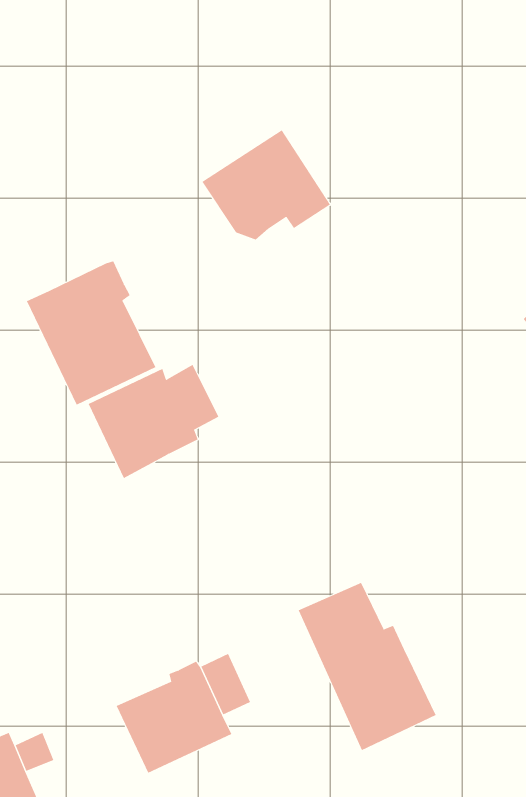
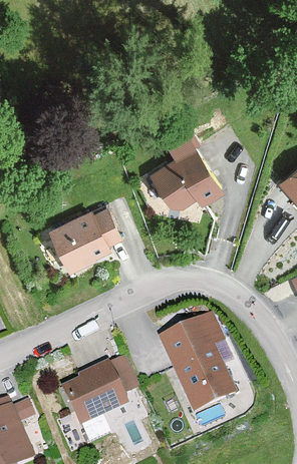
building: [201,129,331,240] -> [154,143,223,202]
building: [26,260,156,406] -> none

